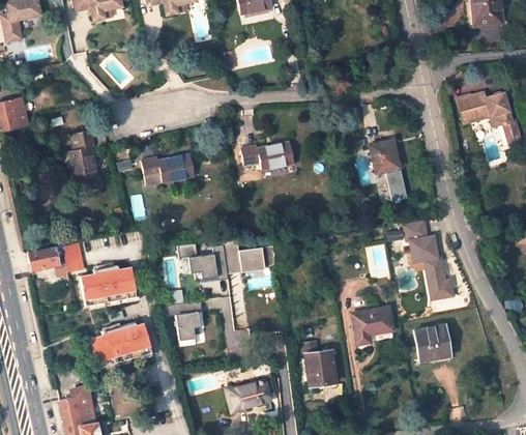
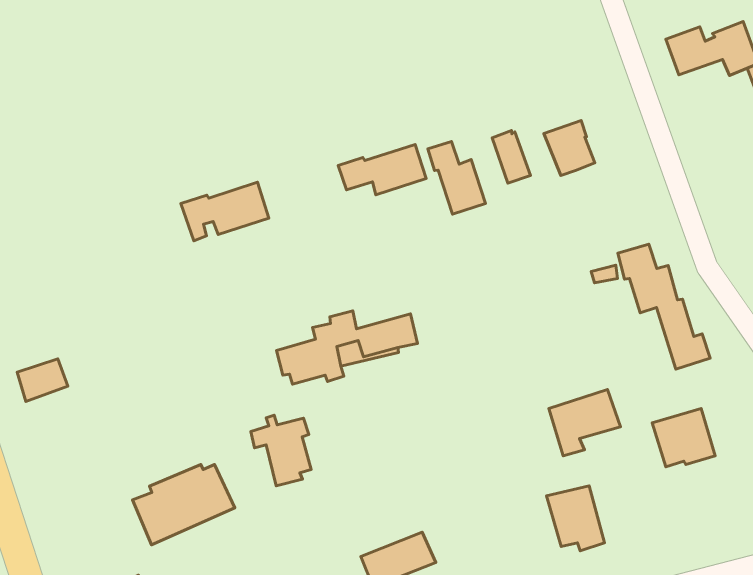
building: [69,130,103,191] -> none
building: none -> [428,141,486,214]
building: [385,167,406,199] -> [492,130,530,183]
building: [62,241,83,271] -> none
building: [79,265,135,306] -> none
building: [303,350,335,389] -> [546,486,605,551]

